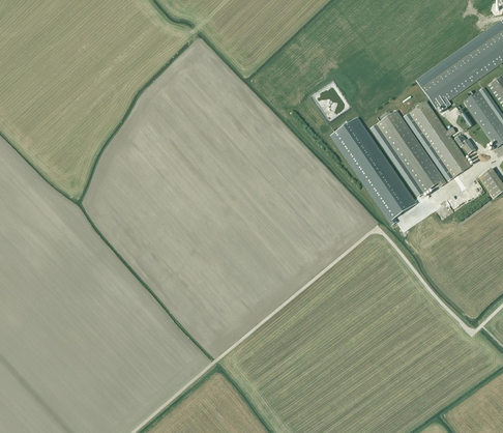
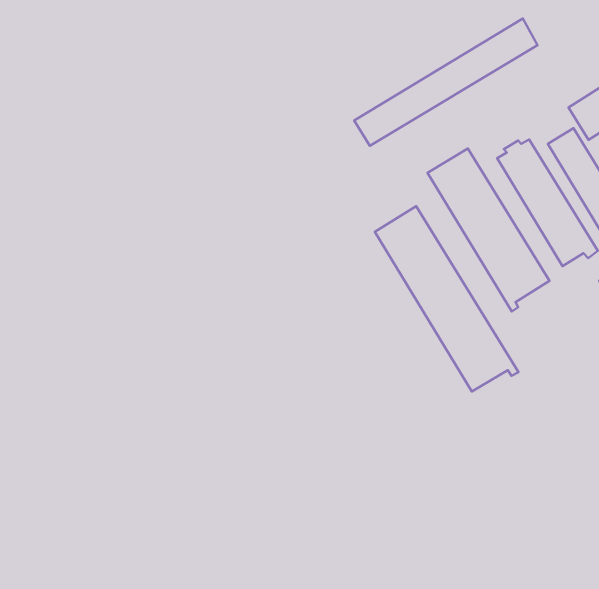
building: none -> [354,18,537,146]
building: none -> [375,206,519,391]

